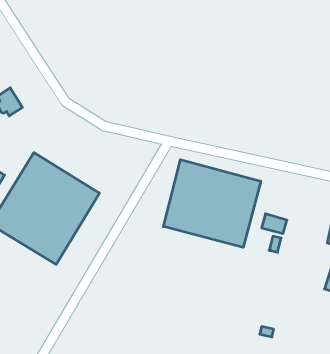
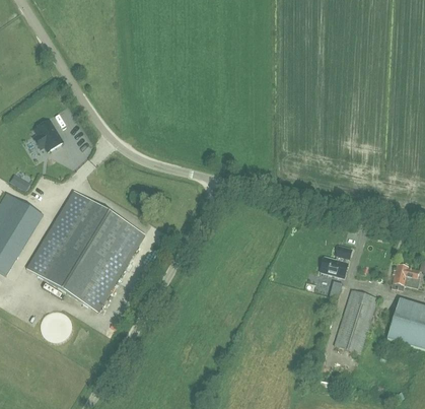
building: [163,160,261,247] -> none
building: none -> [335,289,377,352]

